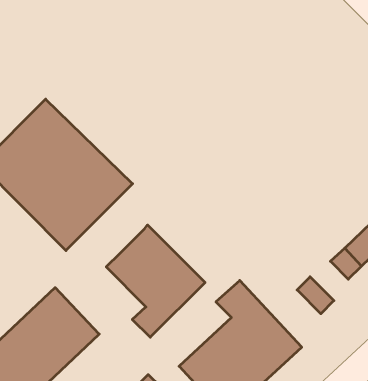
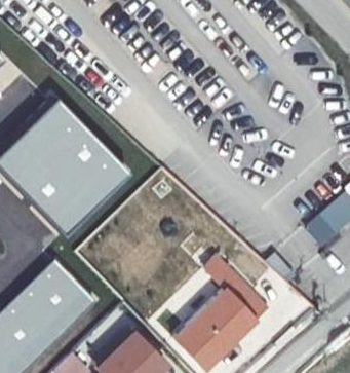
building: [106,225,205,337] -> none

